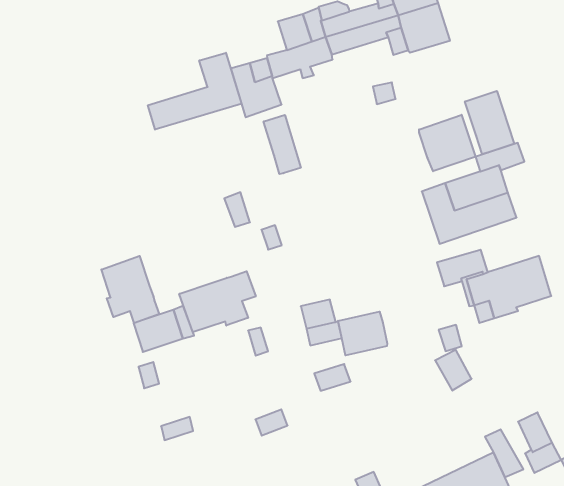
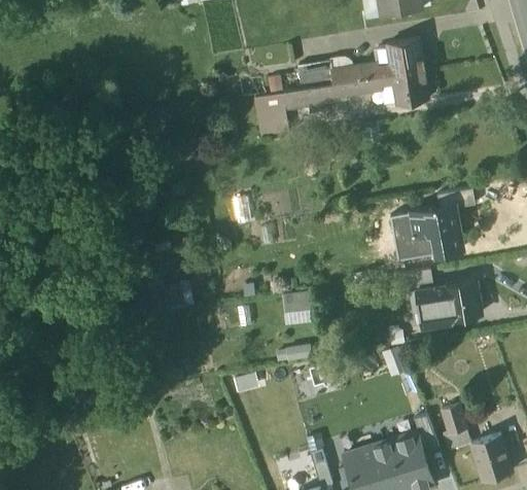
building: [148,53,241,130] -> none
building: [465,91,514,154] -> none
building: [419,115,475,171] -> none
building: [264,115,301,174] -> none
building: [101,256,159,323] -> none
building: [179,271,256,332] -> none
building: [338,312,387,355] -> none

